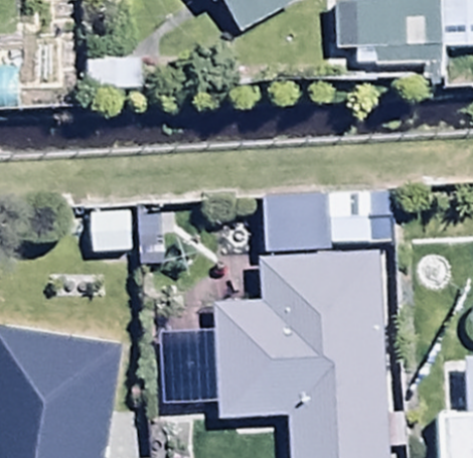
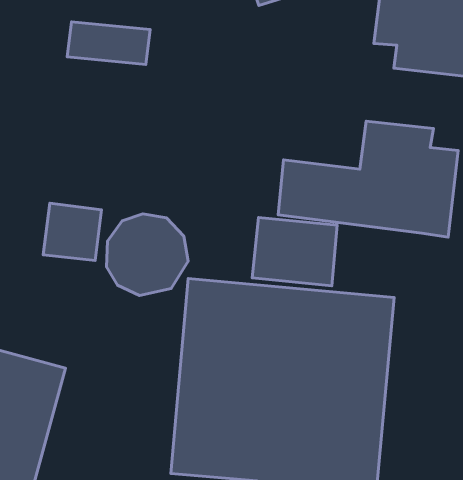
building: none -> [278,121,458,237]

